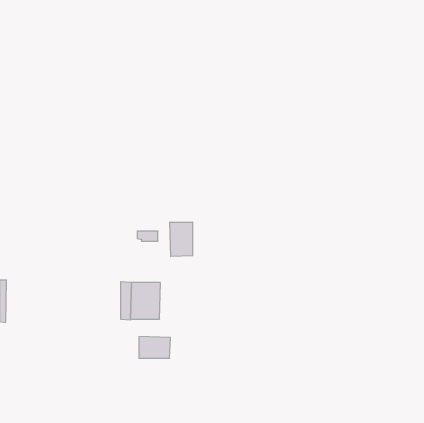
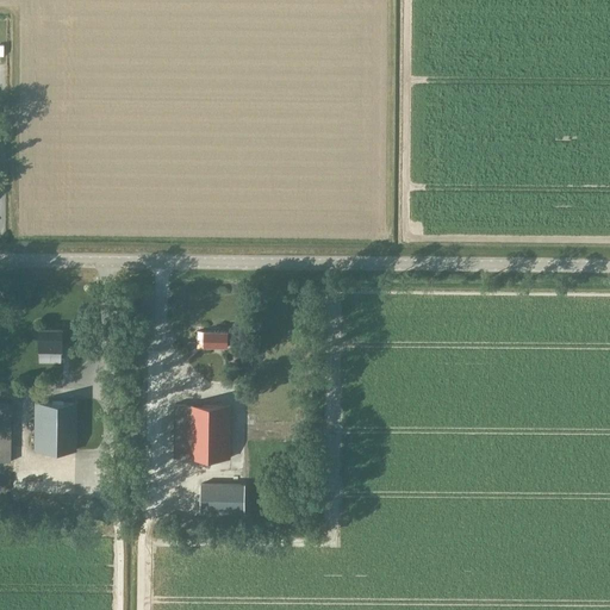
building: [170,222,193,257] -> none
building: none -> [38,330,68,354]
building: none -> [32,405,75,453]

